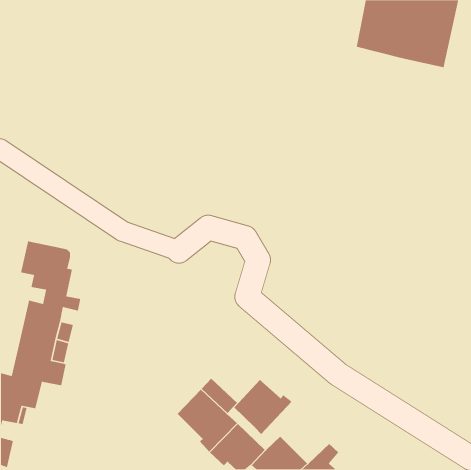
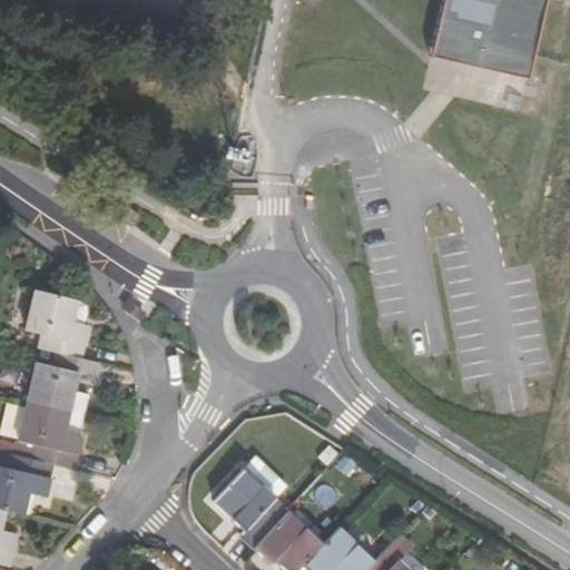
building: [234,379,292,435] -> none

